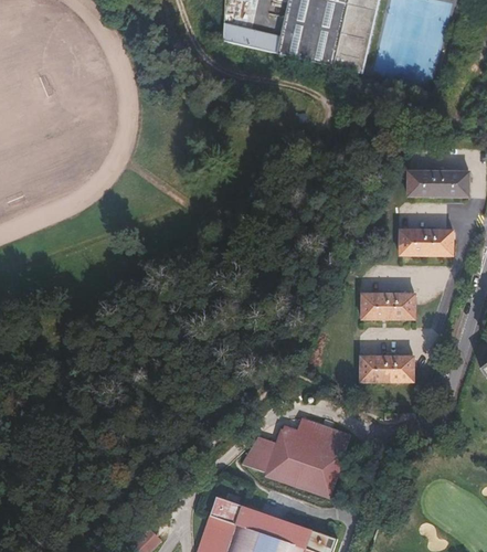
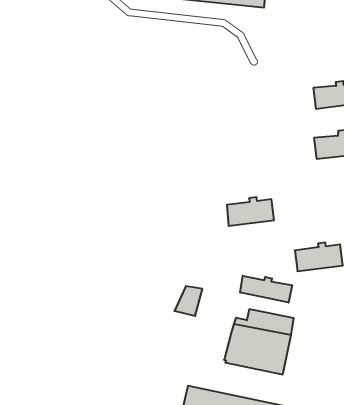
building: [361,290,414,319] -> [227,197,274,226]
building: none -> [240,276,292,303]
building: [241,436,276,471] -> [174,286,202,316]

